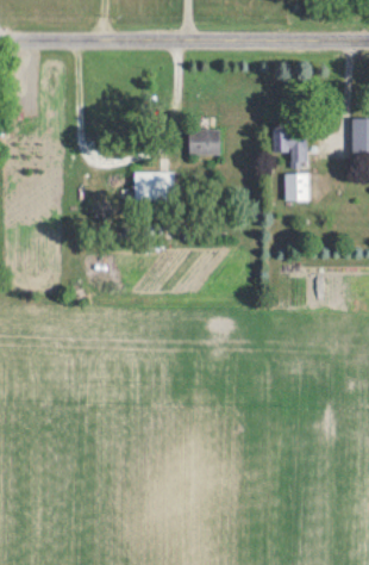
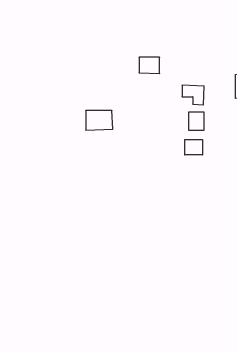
building: [189,131,219,155] -> [139,57,160,74]
building: none -> [185,140,202,155]

